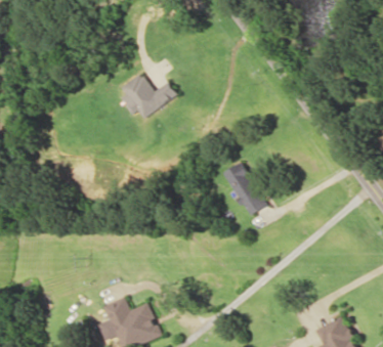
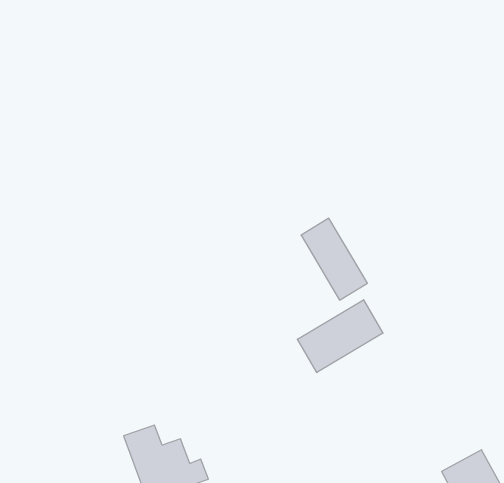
building: [118,73,177,118] -> none
building: none -> [297,300,383,373]

